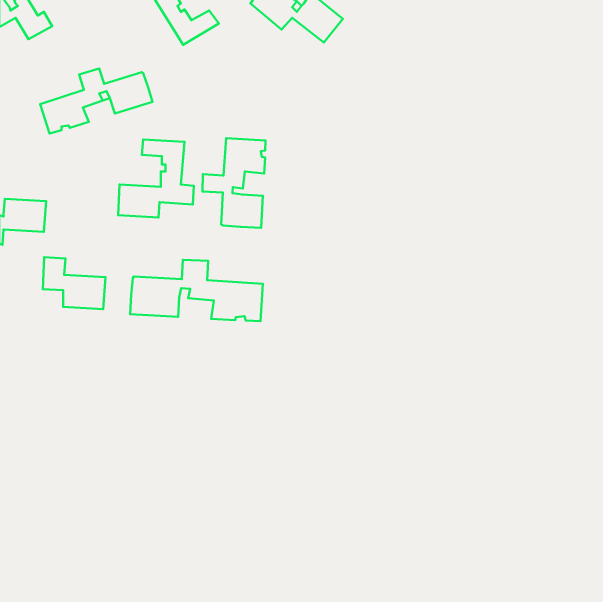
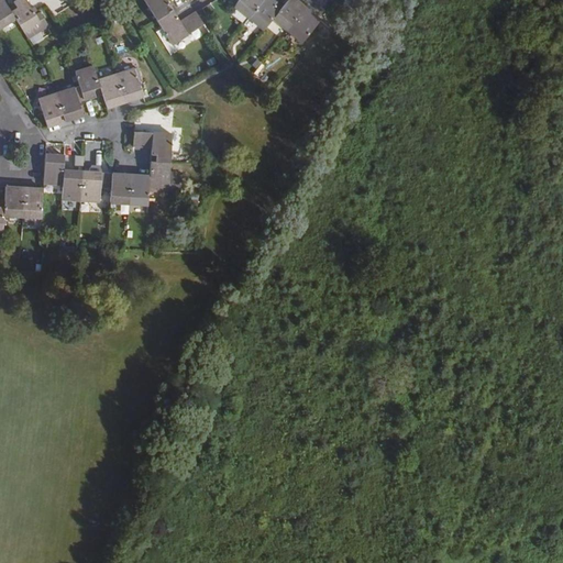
building: [202,138,266,228] -> none
building: [43,257,106,309] -> [43,152,101,200]
building: [130,260,263,321] -> none

